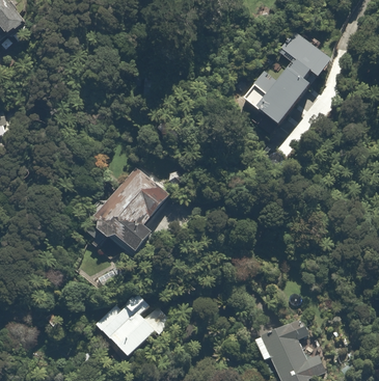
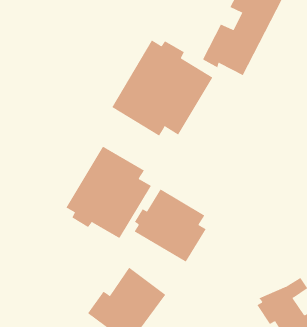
building: none -> [111,40,213,136]
building: none -> [134,189,206,263]

